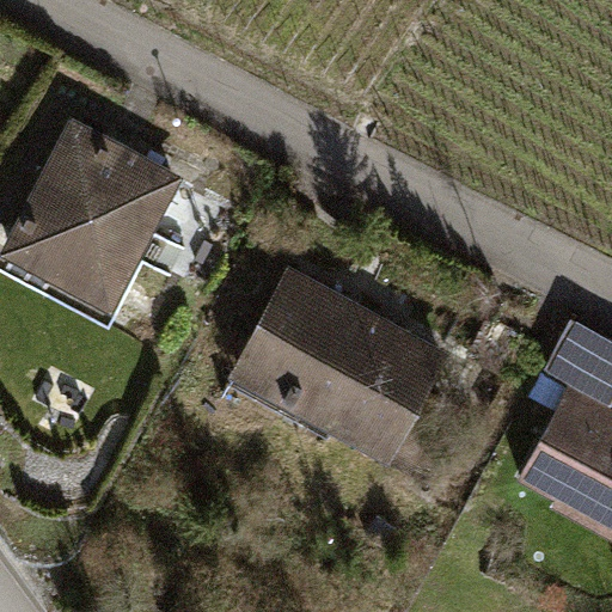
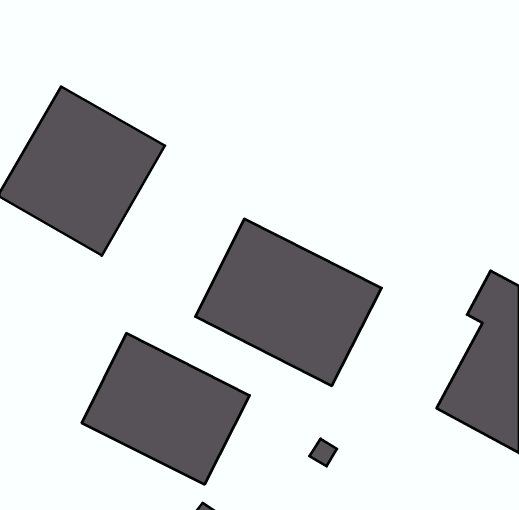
building: none -> [82,333,250,484]

